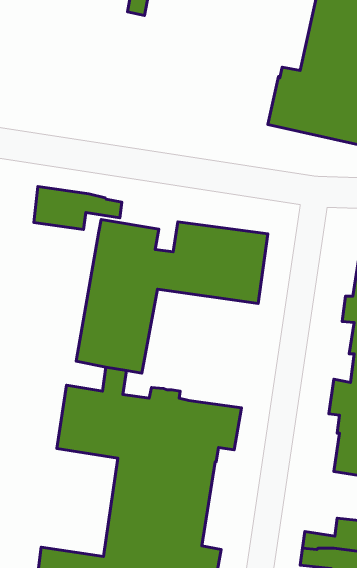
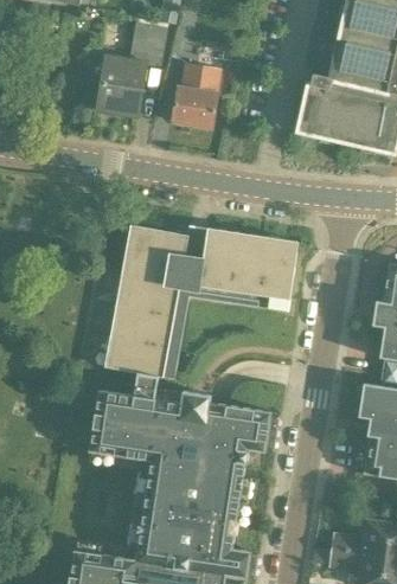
building: none -> [98,23,166,116]
building: none -> [171,71,217,128]
building: [34,187,122,229] -> none

